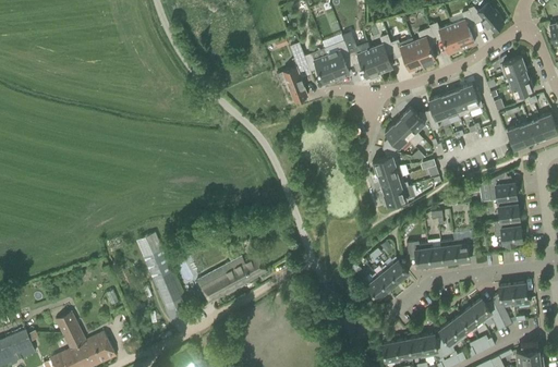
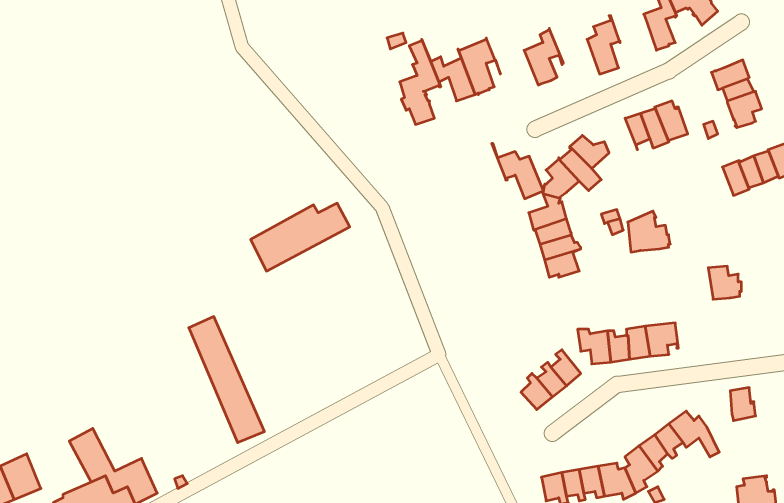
building: [429,23,461,53] -> none
building: [387,34,422,71] -> none
building: [343,40,379,78] -> [492,144,543,199]
building: [425,96,448,131] -> none
building: [488,172,518,200] -> [628,211,670,252]
building: [494,220,523,245] -> none
building: [198,255,267,302] -> [251,203,350,271]
building: [490,284,513,327] -> none

